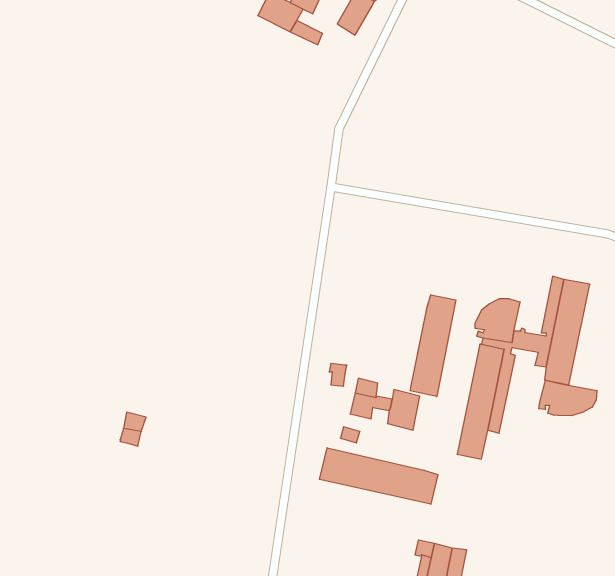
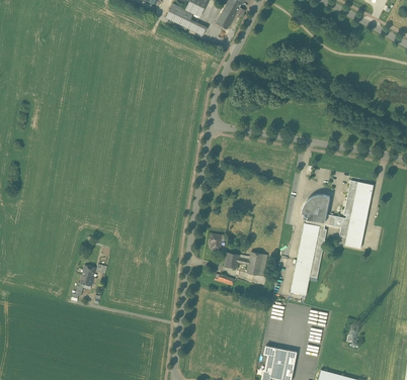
building: [410,295,456,397] -> none
building: [539,380,597,416] -> none
building: [319,448,438,504] -> none

